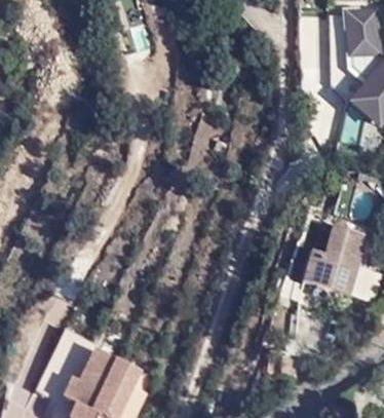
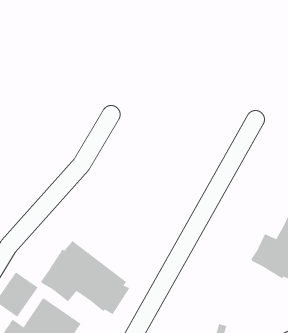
building: none -> [40,240,130,315]

